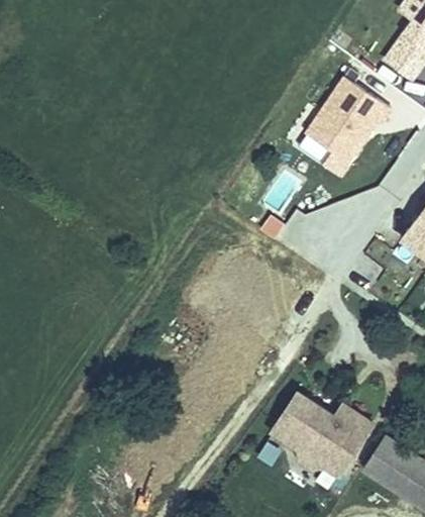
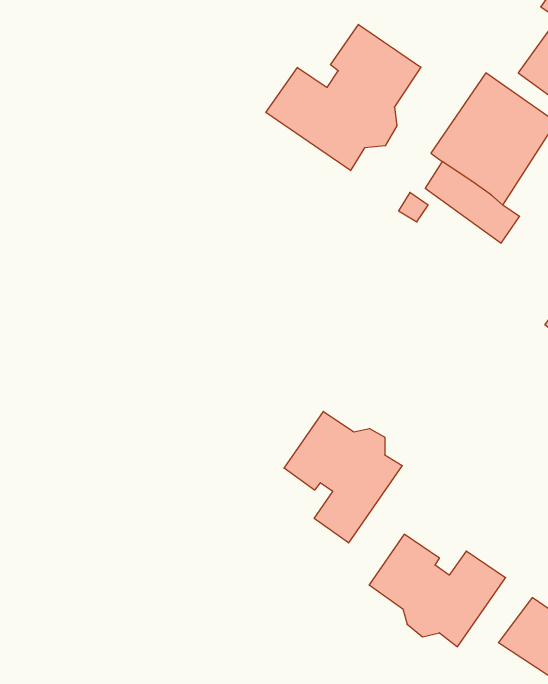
building: none -> [266,24,421,171]
building: none -> [284,411,402,543]

